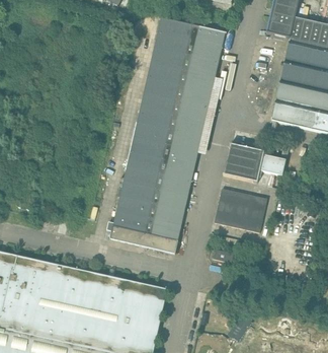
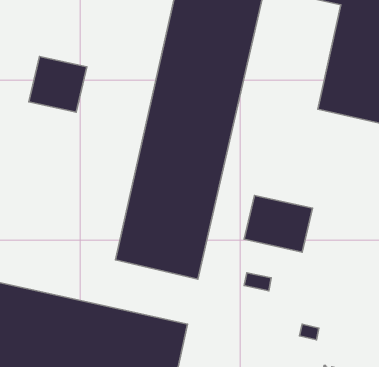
building: none -> [29,56,87,112]
building: [221,143,283,183] -> none

